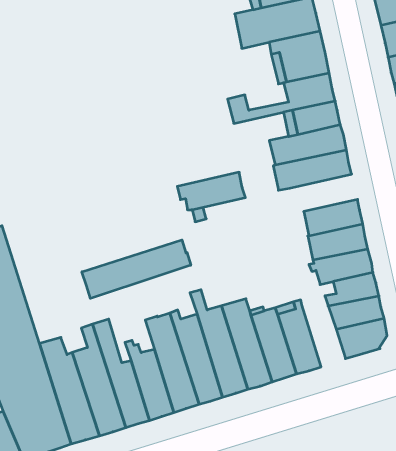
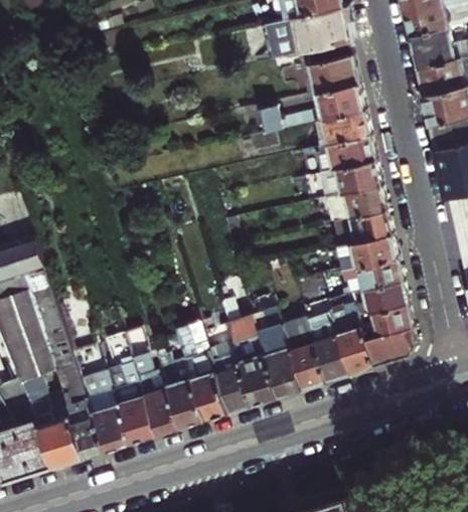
building: [177,172,245,210] -> [319,184,386,221]
building: [82,240,191,298] -> none
building: none -> [331,306,374,375]

